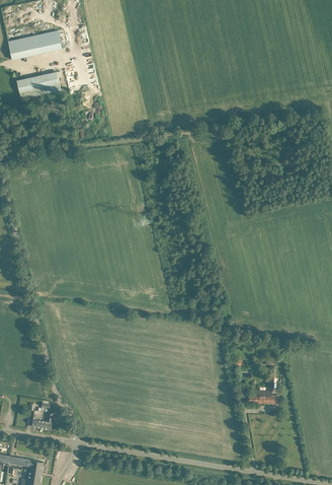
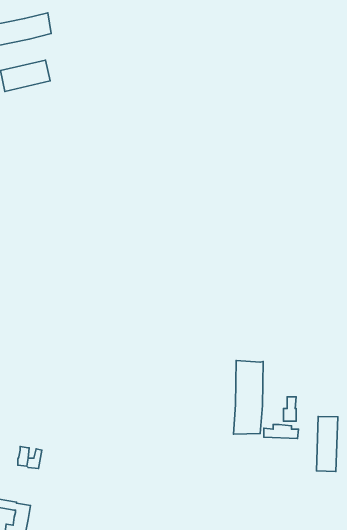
building: none -> [234,361,263,434]
building: none -> [316,416,338,471]

